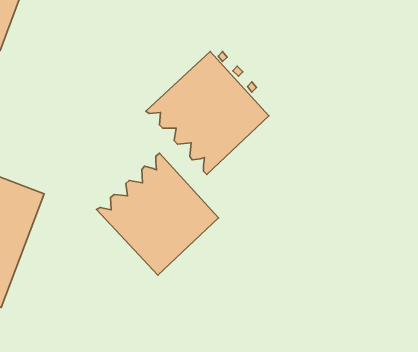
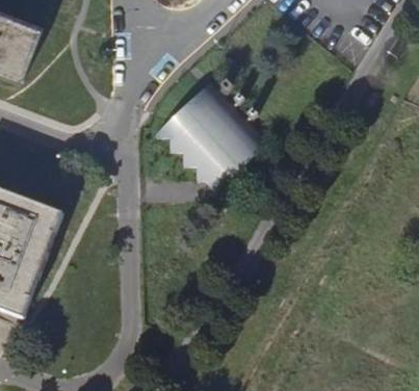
building: [97,153,218,275] -> none

